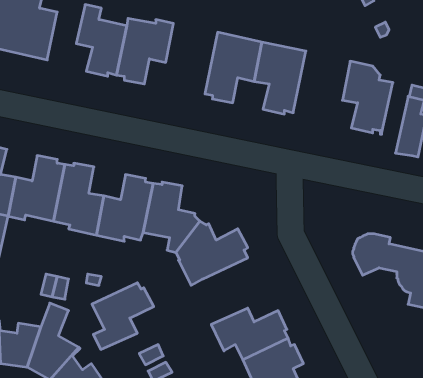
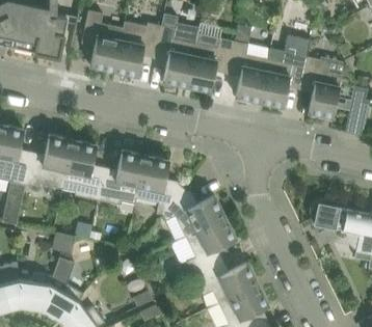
building: none -> [155,15,198,85]
building: none -> [260,36,310,107]
building: [92,283,154,349] -> [185,219,236,274]

